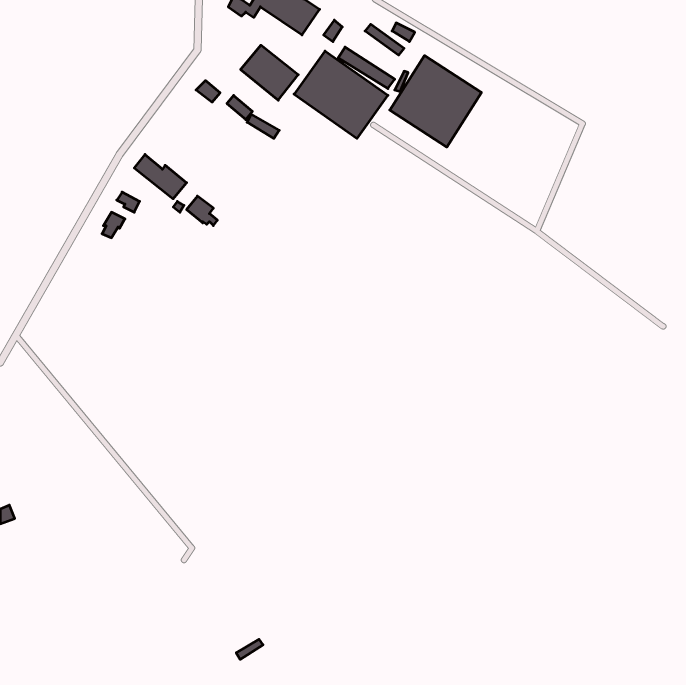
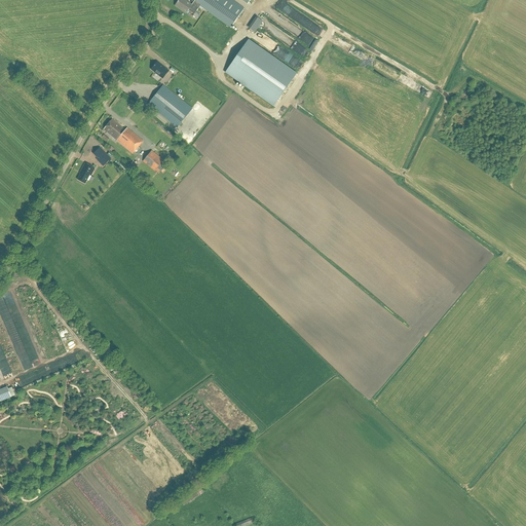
building: [241,45,298,100] -> [148,84,192,126]
building: [390,56,481,147] -> none

